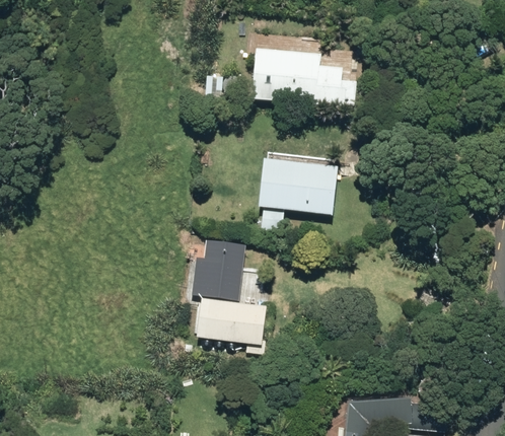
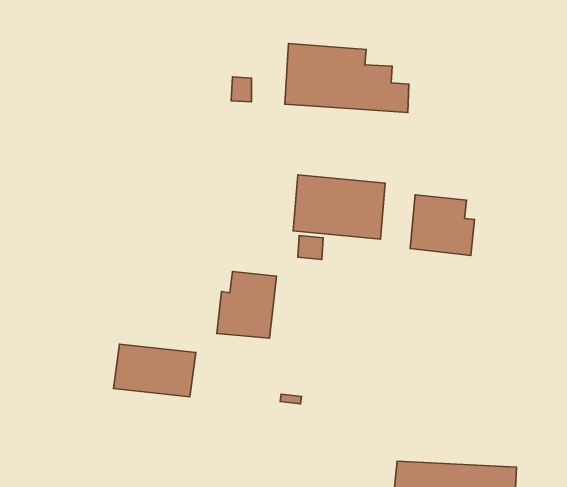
building: none -> [410,195,474,255]
building: [197,298,267,343] -> [113,344,196,397]

